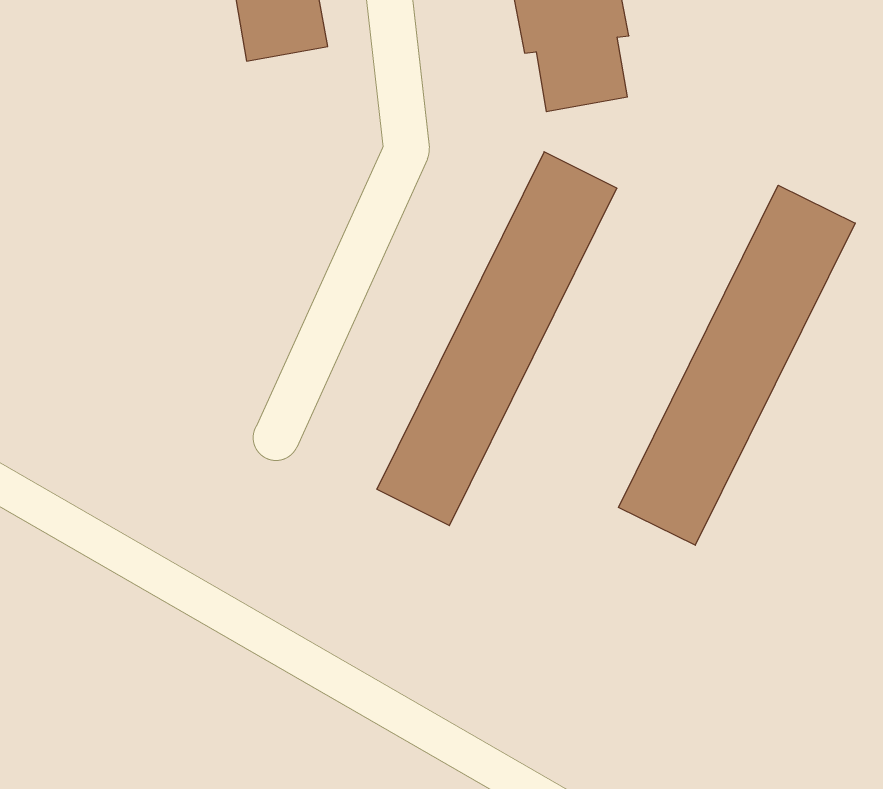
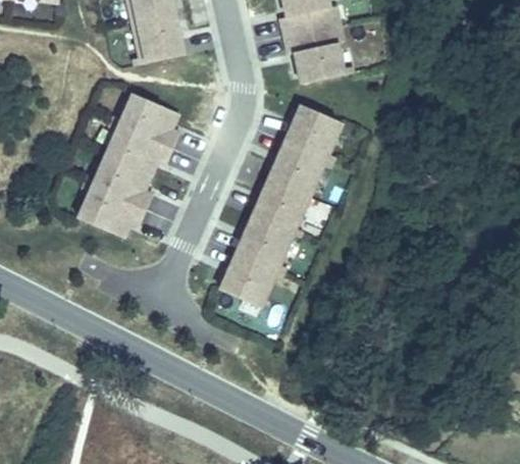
building: none -> [77,92,178,235]
building: [618,185,855,545] -> none

